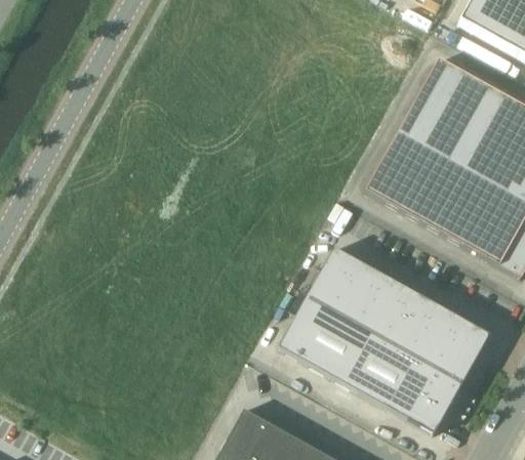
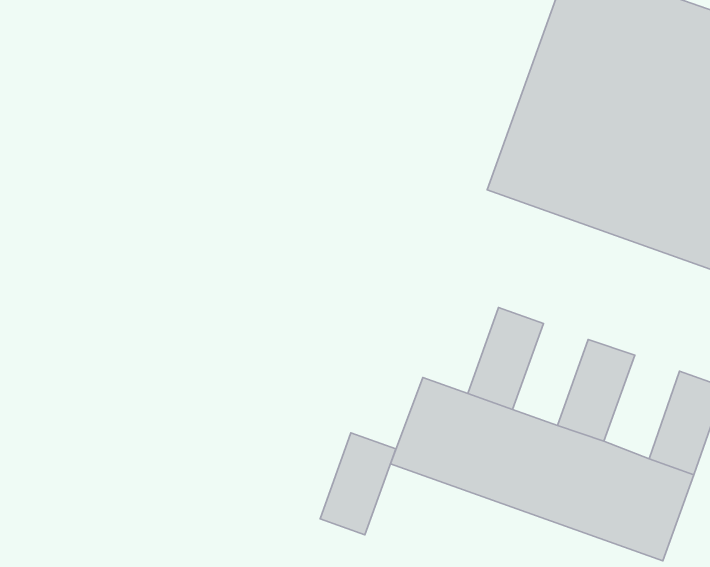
building: [308,248,361,311] -> [320,433,396,535]
building: [359,277,412,340] -> none
building: [411,305,465,370] -> none

